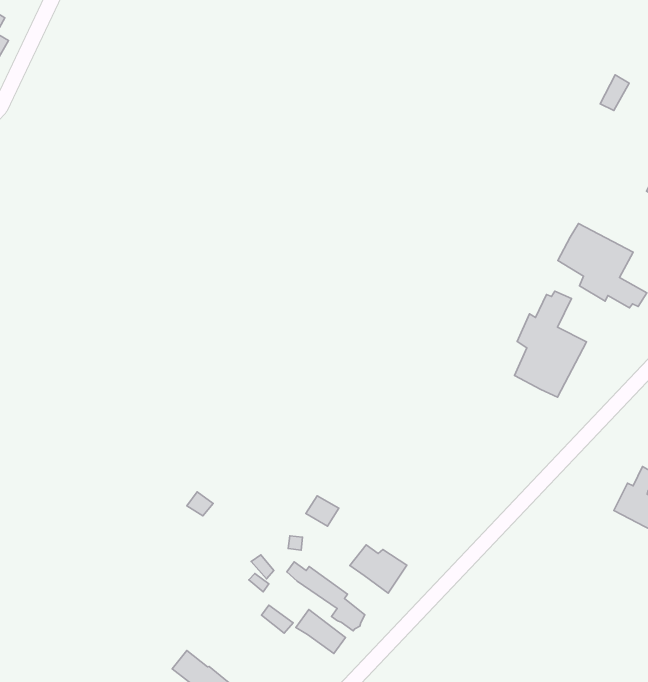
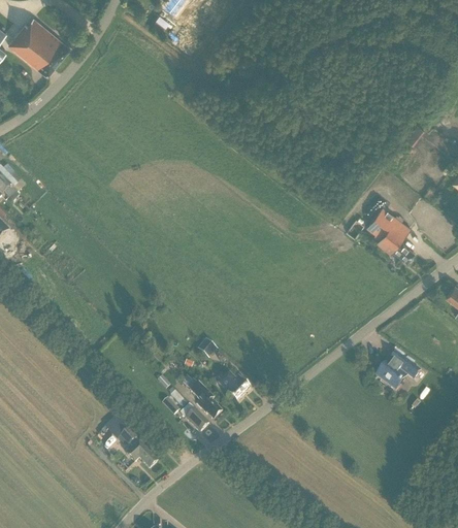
building: [515,291,586,397] -> none

